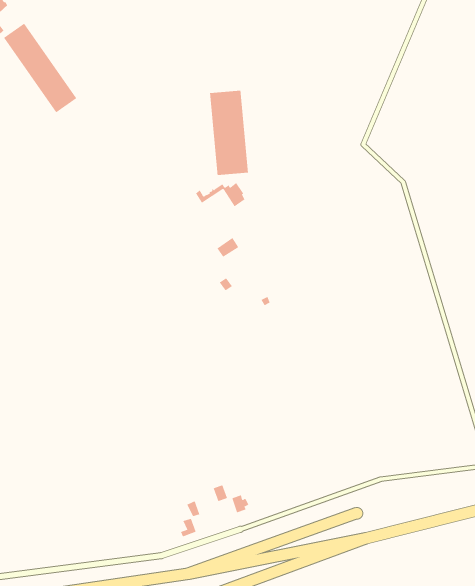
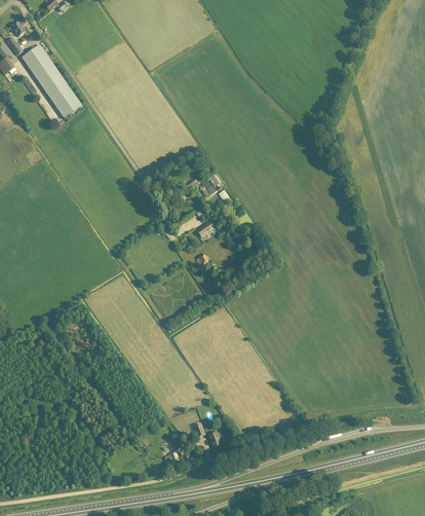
building: [210,90,248,176] -> none

